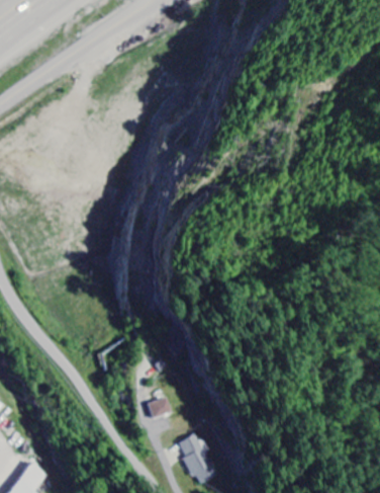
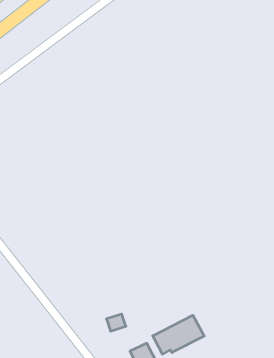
building: none -> [153,315,204,354]

